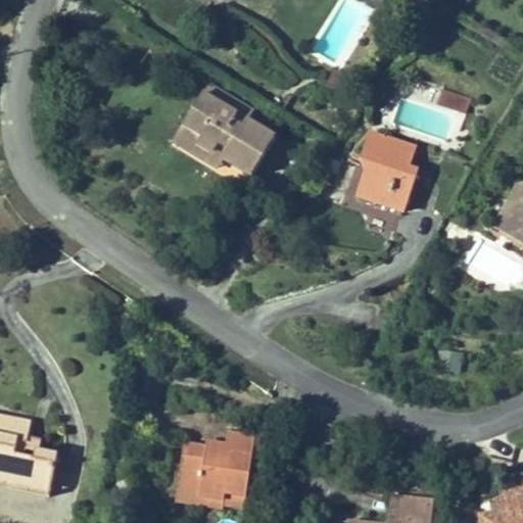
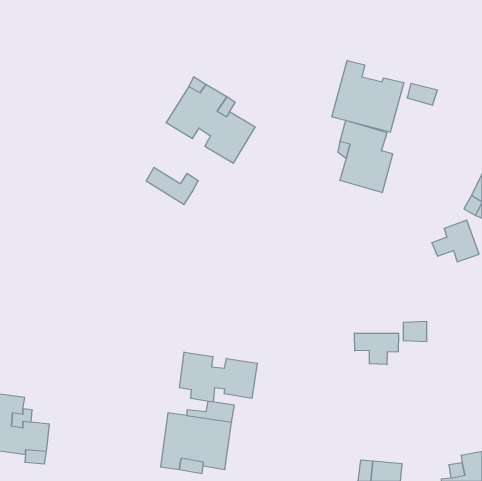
building: none -> [332,60,404,132]
building: [171,132,227,172] -> [146,168,198,205]
building: none -> [355,333,398,365]
building: none -> [179,352,257,402]

